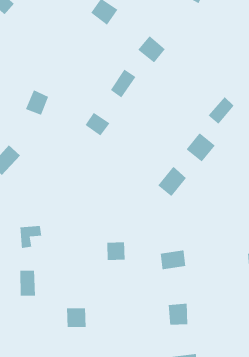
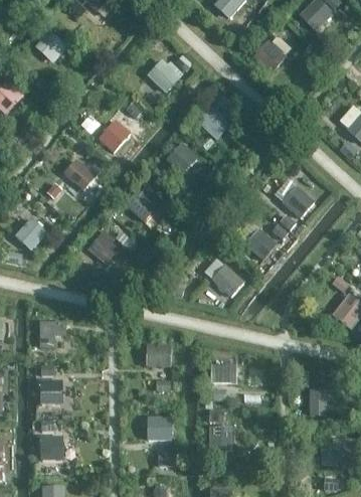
building: none -> [100,118,134,153]
building: none -> [84,232,117,265]
building: none -> [150,416,175,440]
building: [66,307,86,328] -> [42,434,66,460]

